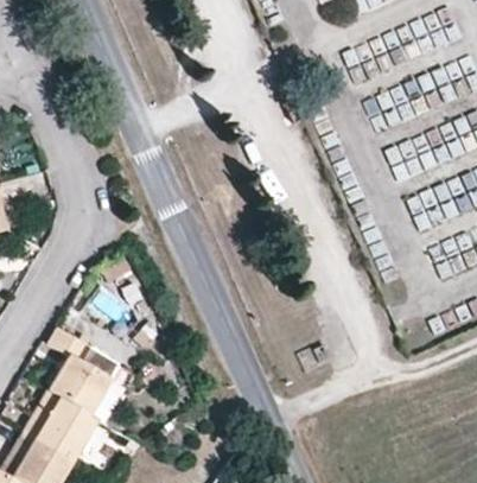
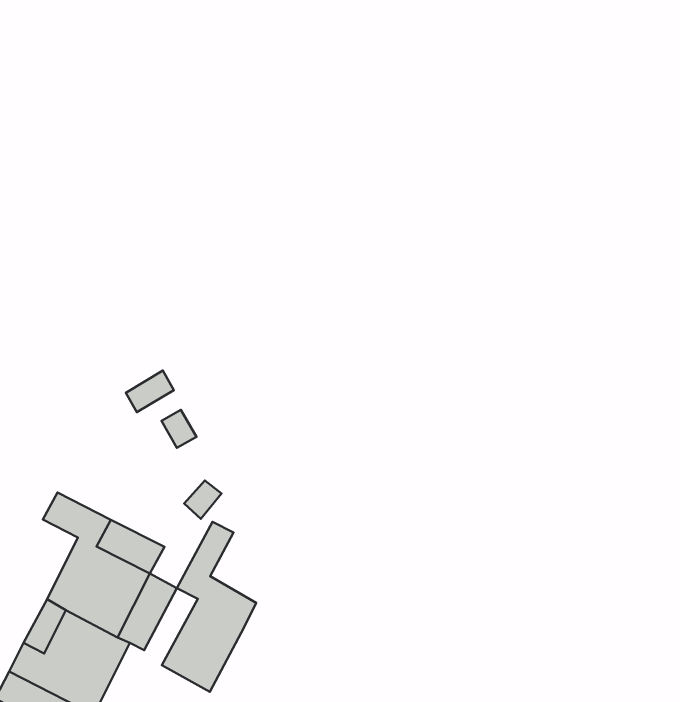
building: none -> [162,522,256,692]

